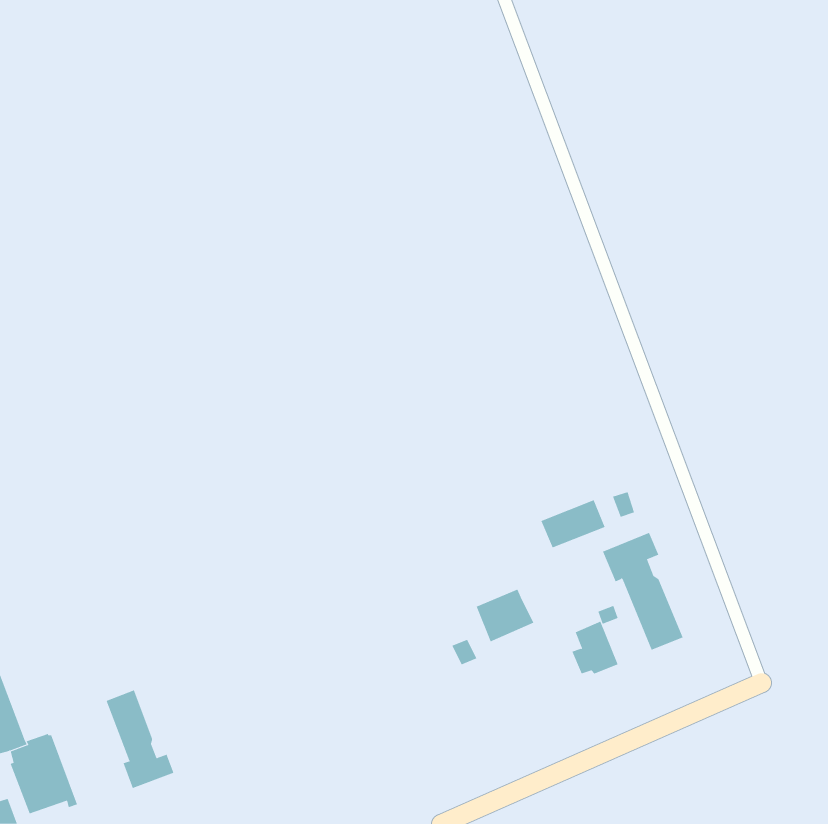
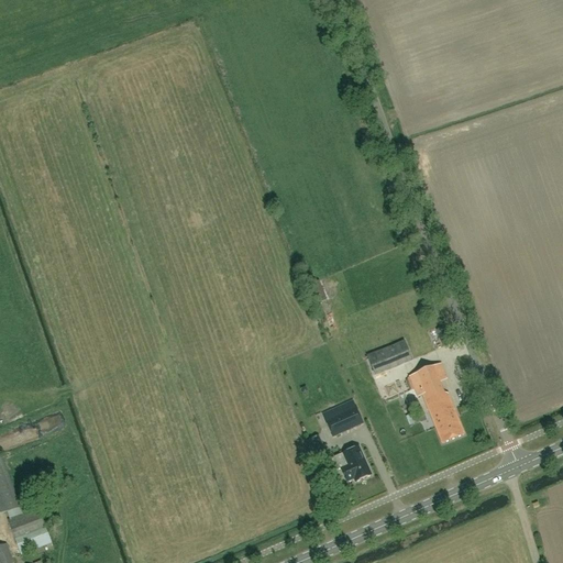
building: [572,621,619,674] -> [339,444,371,481]
building: [106,689,174,789] -> none

